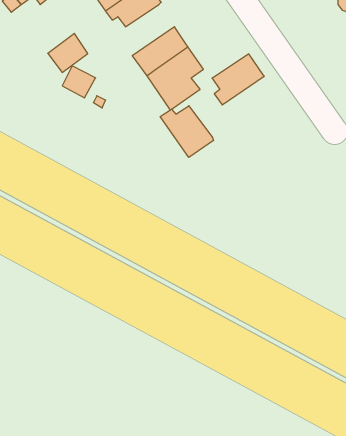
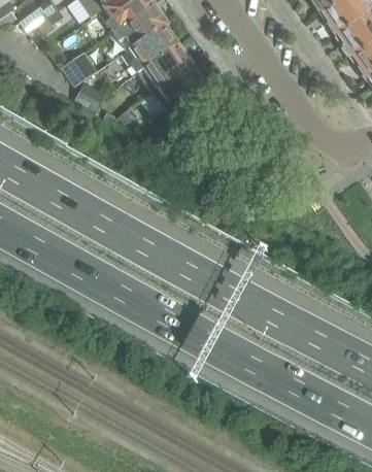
building: [212,54,264,105] -> [128,25,176,72]
building: [160,106,214,157] -> none

